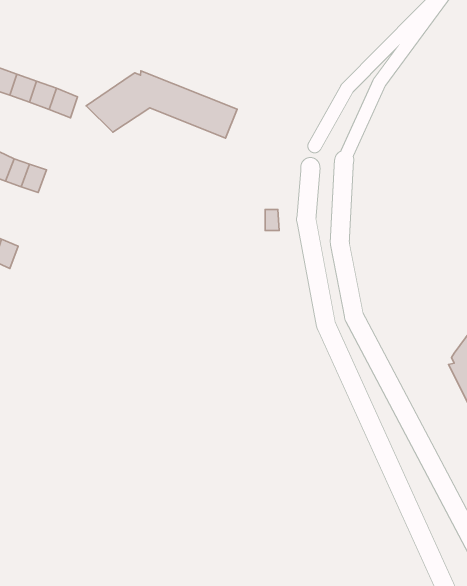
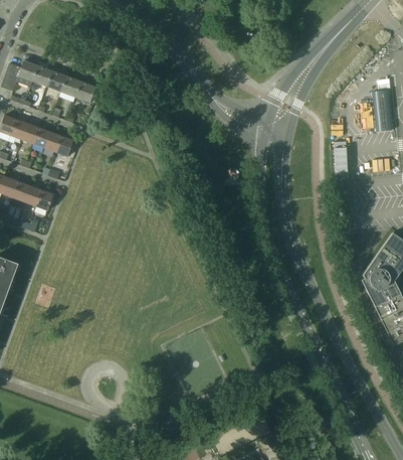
building: [86,71,237,138] -> none

